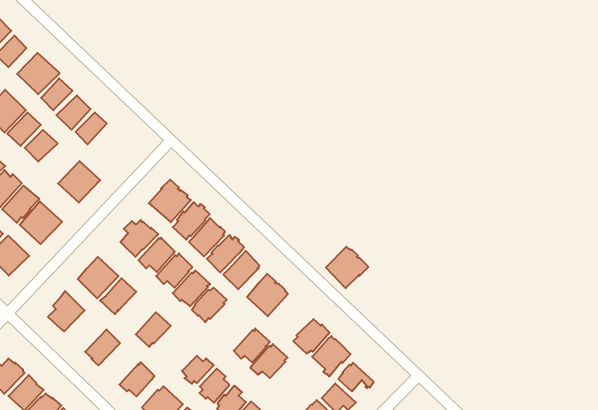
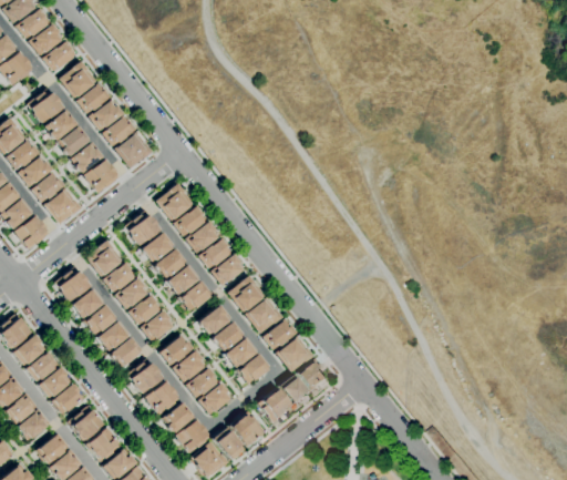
building: none -> [115,131,152,166]
building: none -> [70,141,101,171]
building: [326,247,368,288] -> [247,298,284,334]
building: none -> [116,278,150,309]
building: none -> [199,305,231,334]
building: none -> [72,289,103,318]
building: none -> [143,310,175,341]
building: none -> [97,321,130,351]
building: none -> [239,354,270,381]

